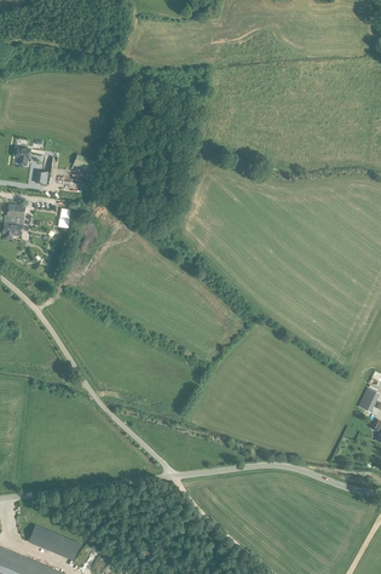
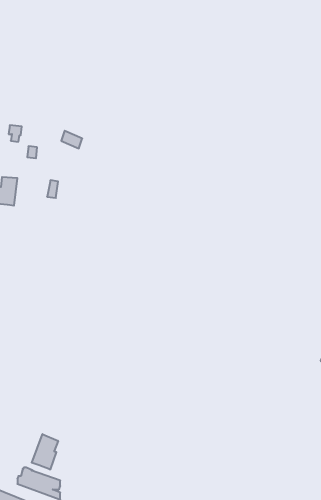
building: none -> [32,434,58,470]

